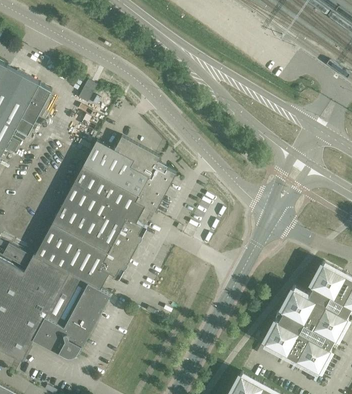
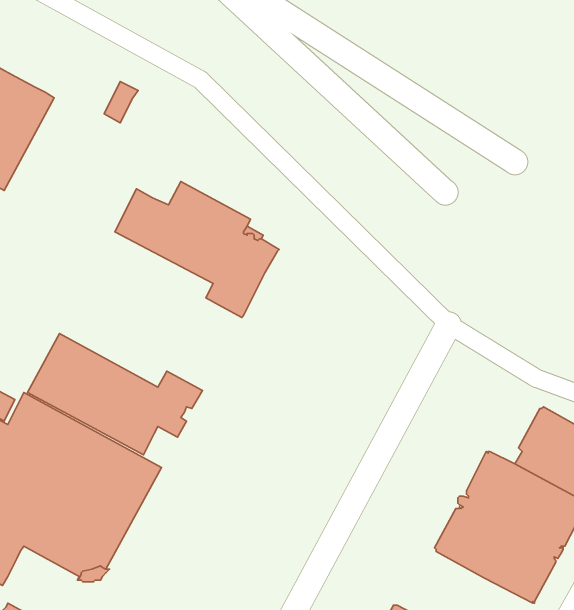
building: [53,165,146,254] -> none

